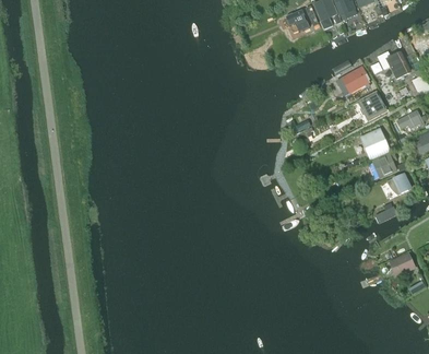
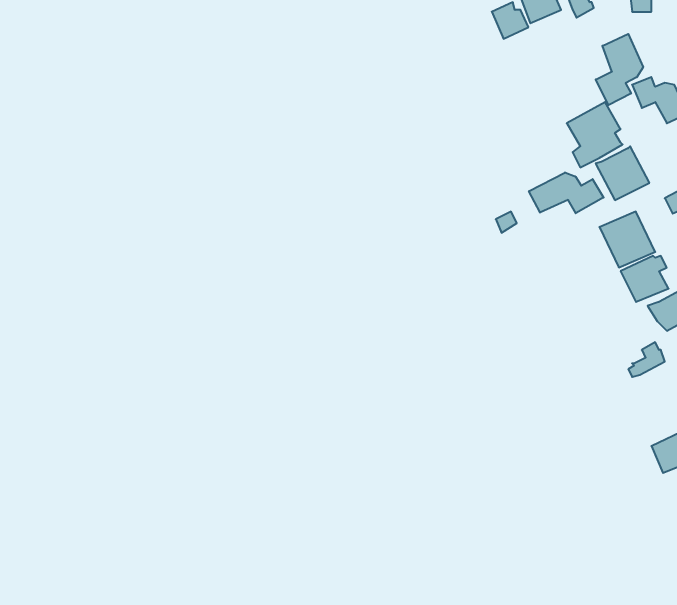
building: none -> [596,34,643,105]
building: none -> [529,172,604,213]

